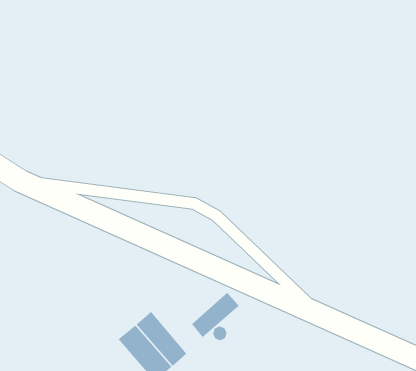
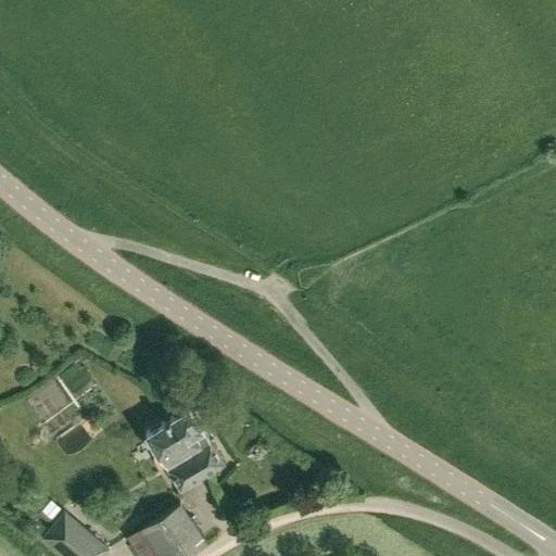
building: [191,292,240,338] -> none

